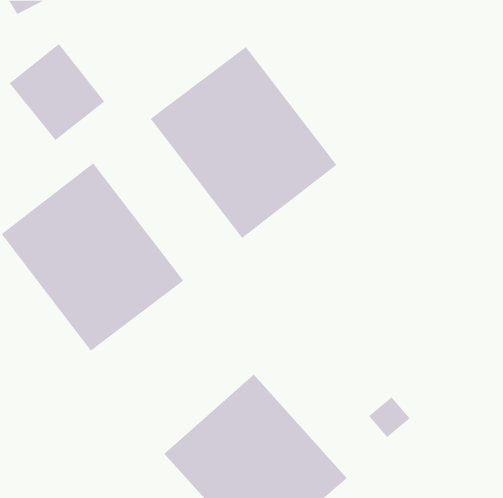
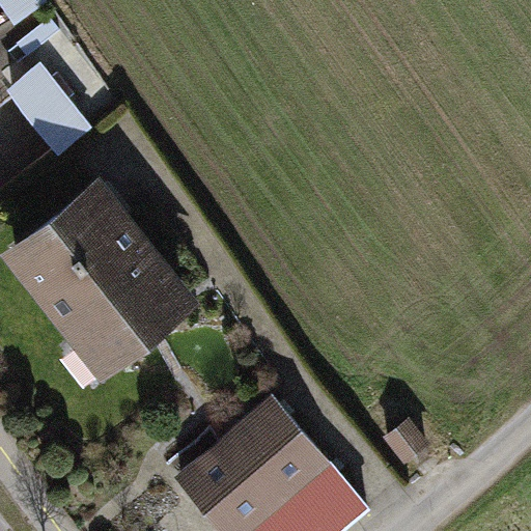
building: [150,46,337,239] -> none

